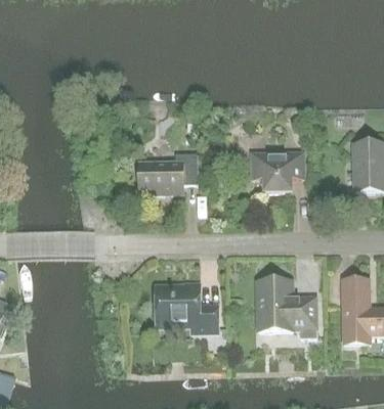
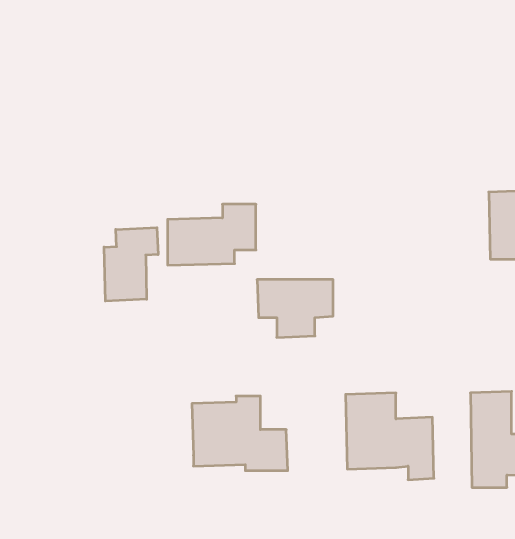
building: [252,152,303,191] -> [257,280,333,337]
building: none -> [104,228,158,301]

